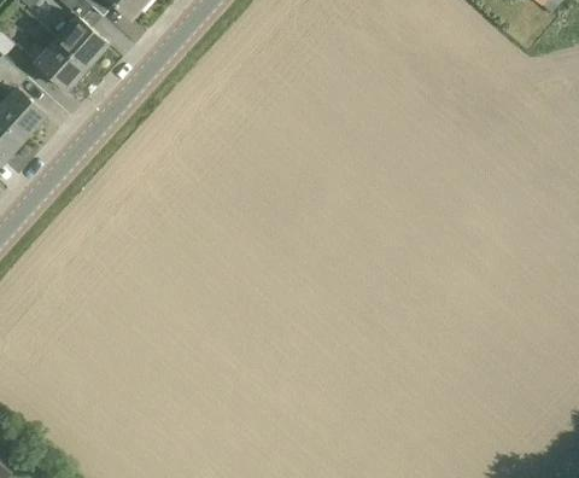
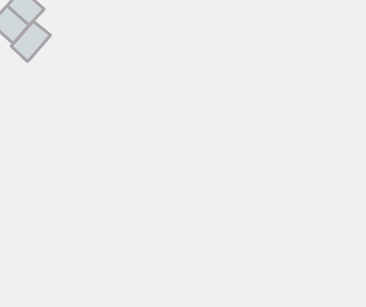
building: none -> [11,21,50,61]

